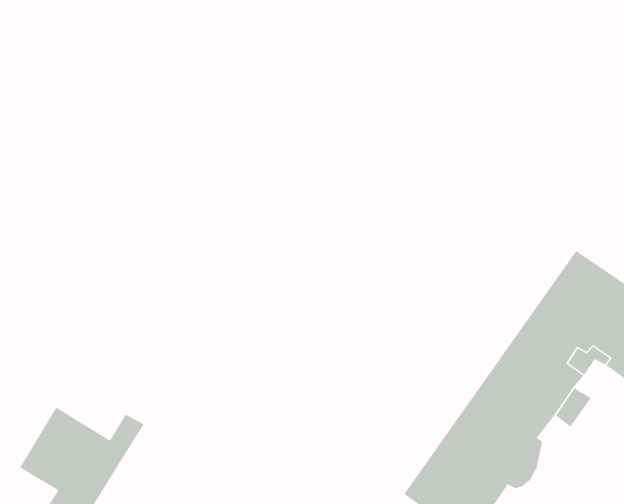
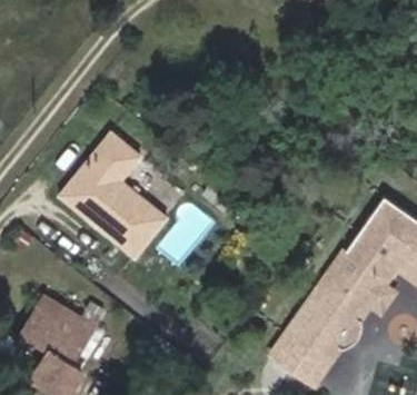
building: none -> [62,131,170,257]

